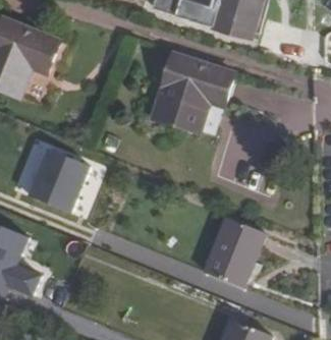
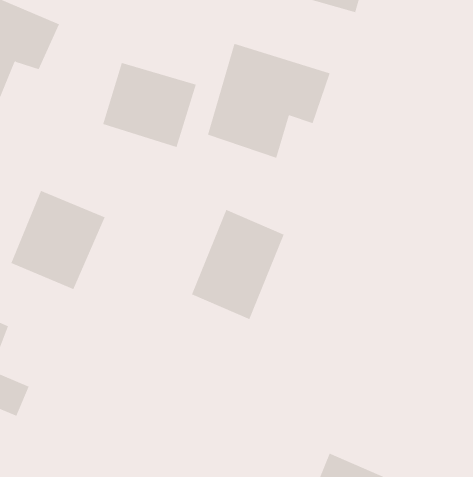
building: none -> [103,62,197,148]
building: [204,218,264,289] -> [191,209,285,320]

